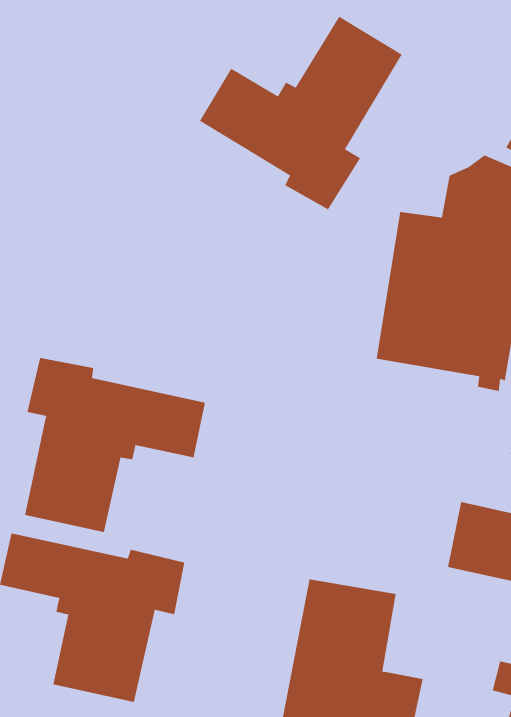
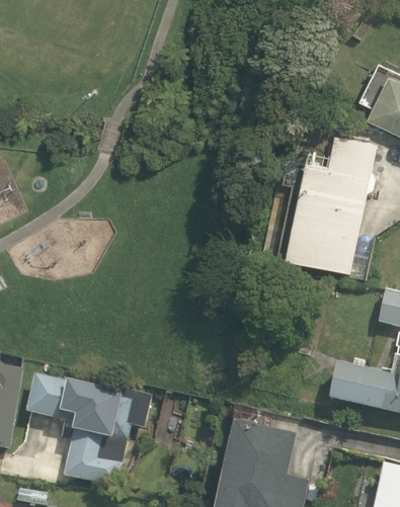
building: [199,16,402,210] -> none
building: [25,357,205,533] -> none

